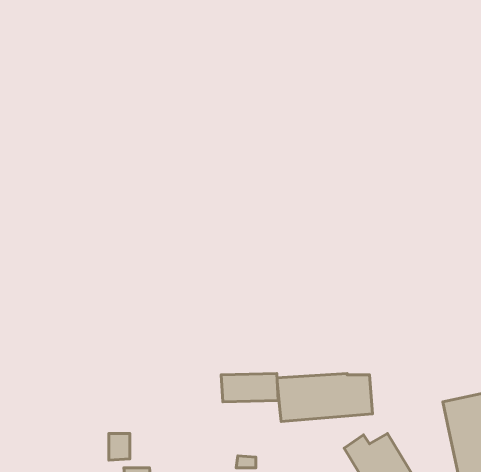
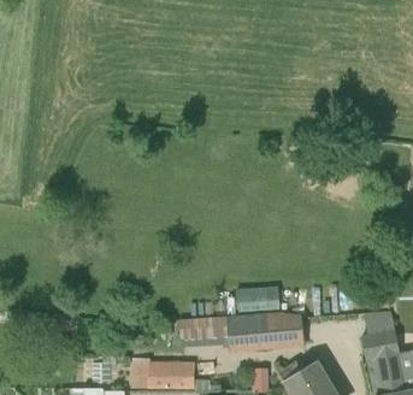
building: none -> [235,289,279,312]
building: none -> [149,362,190,384]

